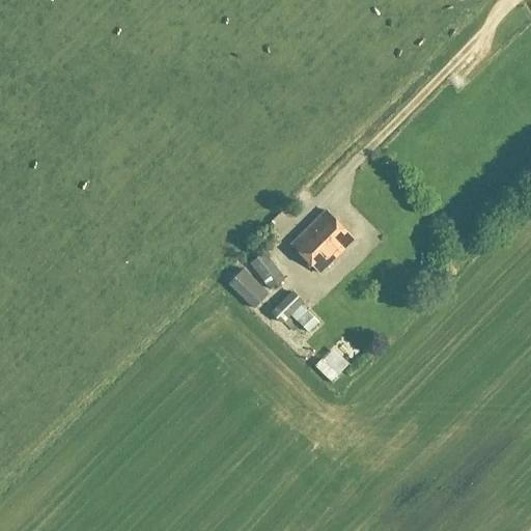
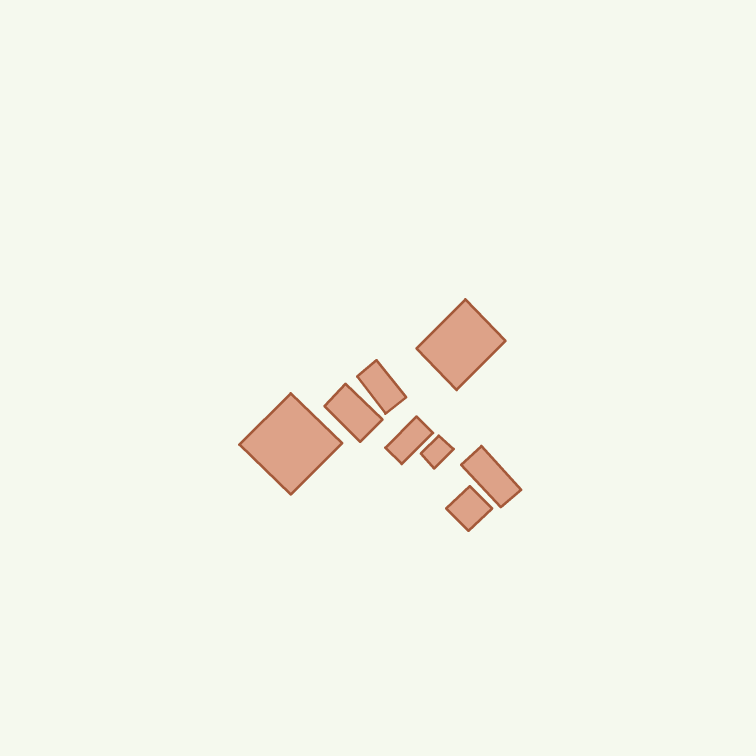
building: none -> [239,393,342,494]
building: none -> [461,446,521,507]

